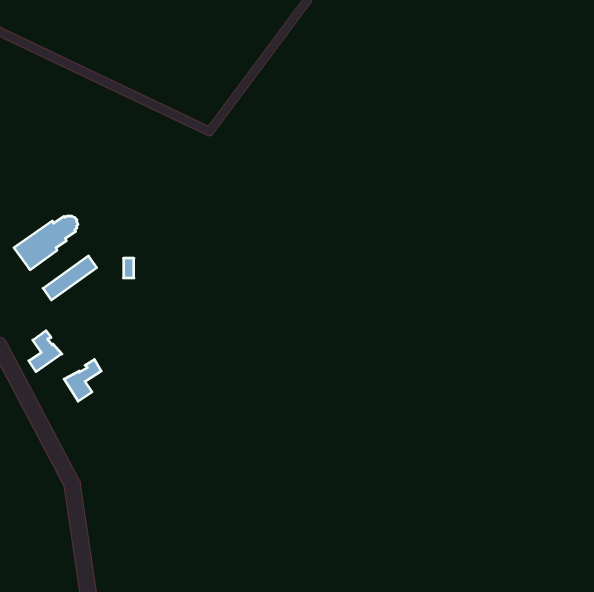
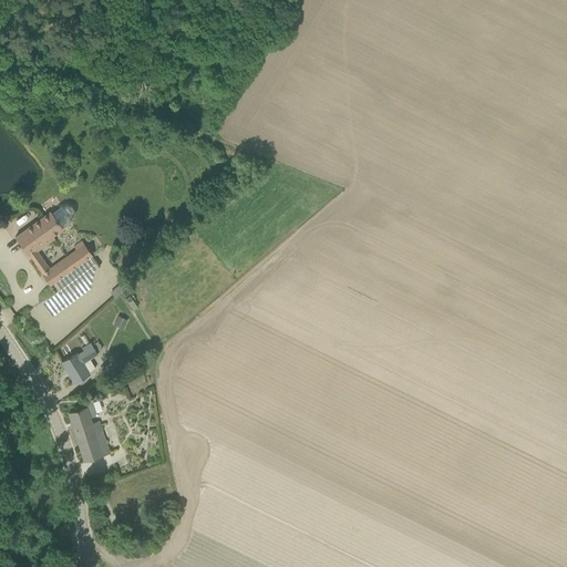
building: [29,331,62,372] -> none
building: none -> [68,404,107,463]

